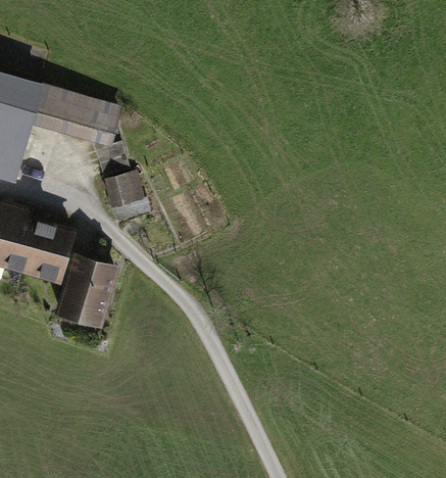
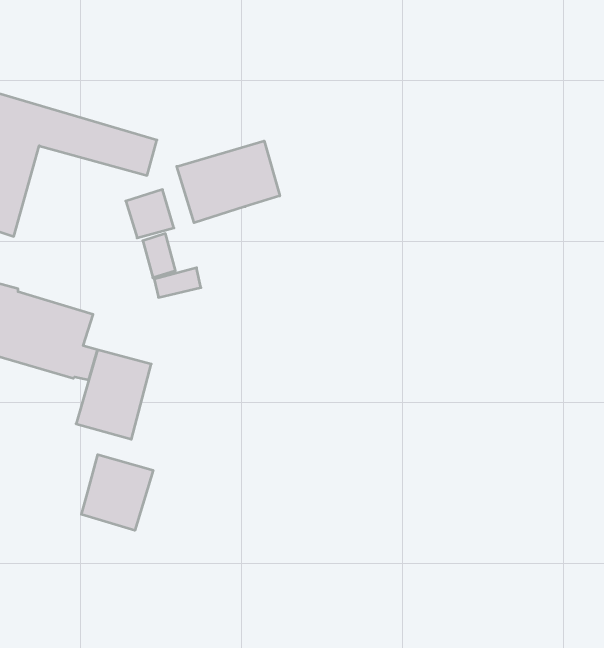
building: none -> [177,141,280,223]
building: none -> [81,455,153,530]

